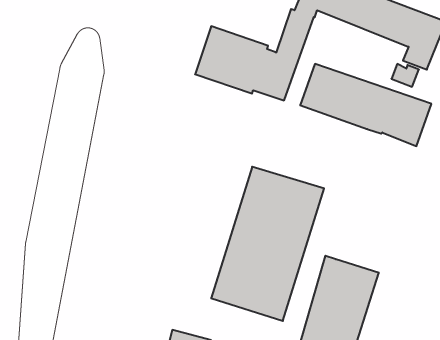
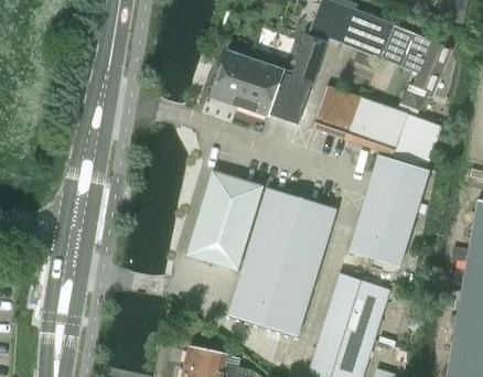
building: none -> [350,154,430,265]
building: none -> [186,170,264,270]

